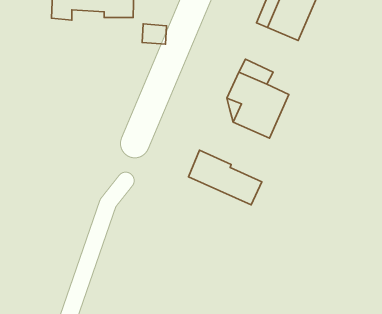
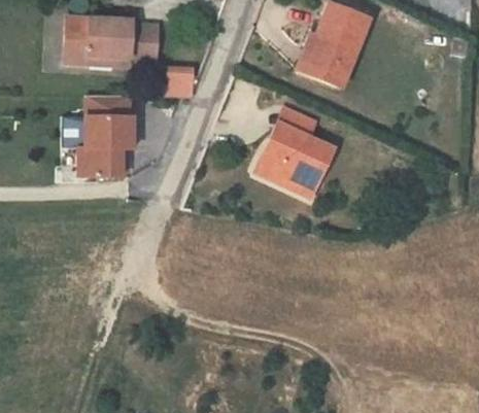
building: none -> [78,98,133,179]
building: [189,150,262,205] -> none

